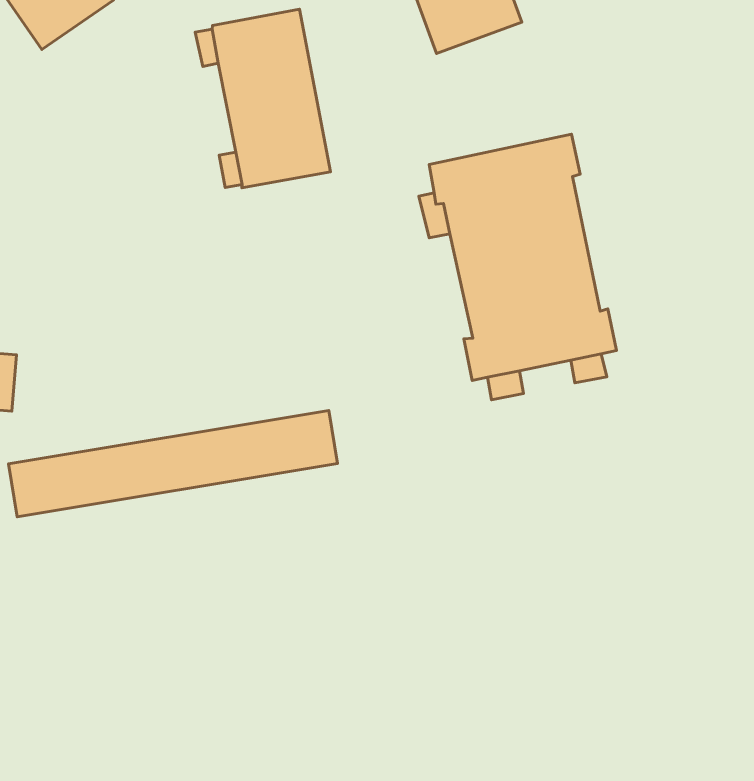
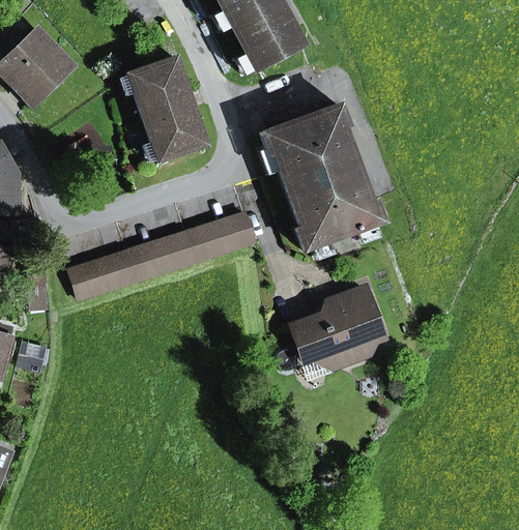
building: [8,411,338,517] -> [69,212,255,298]
building: none -> [291,287,383,360]

